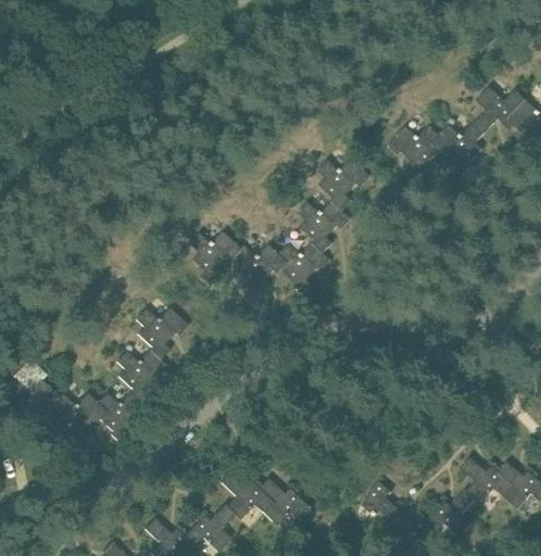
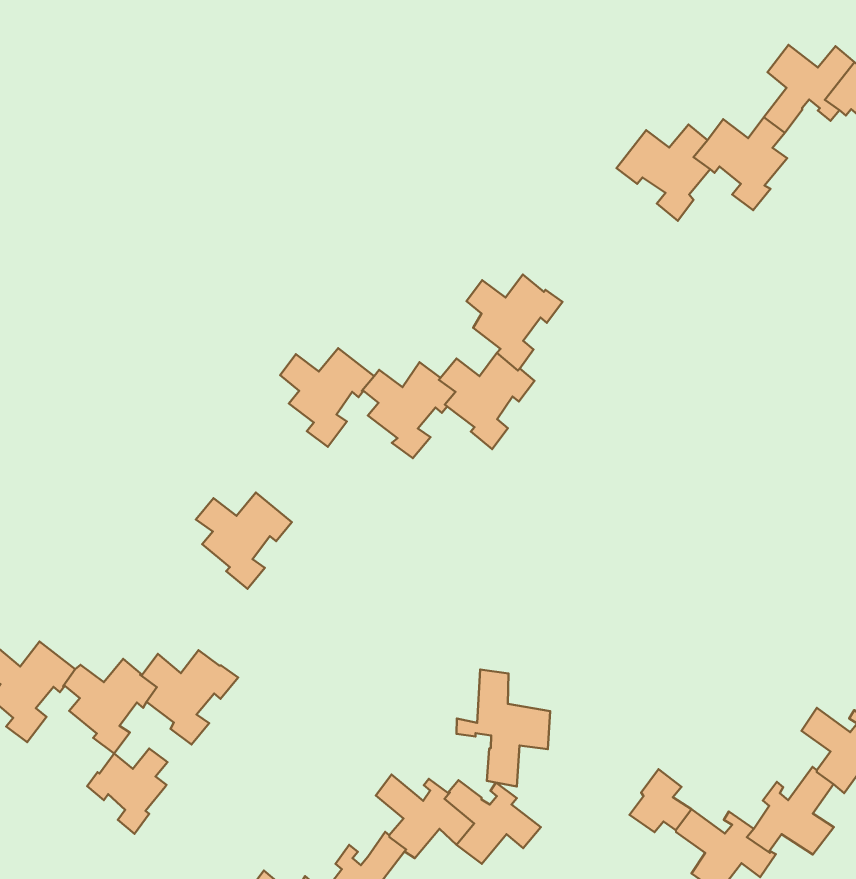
building: [315,156,368,210] -> none
building: [115,349,168,401] -> none
building: none -> [456,670,550,786]
building: none -> [87,749,168,834]

